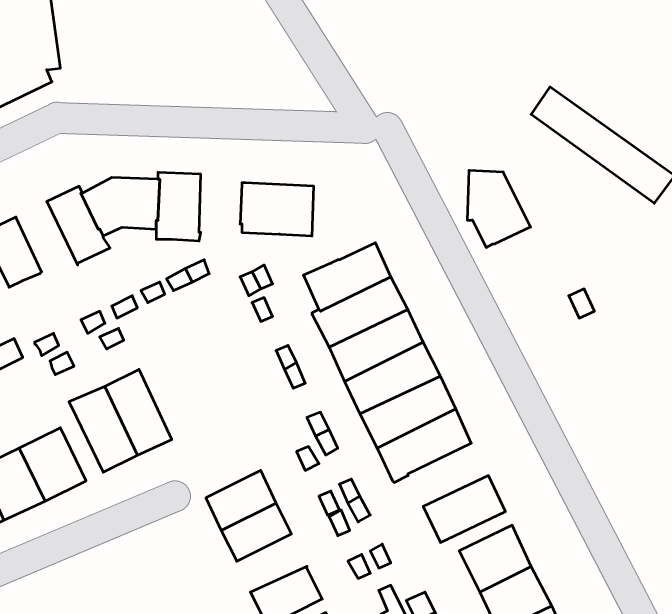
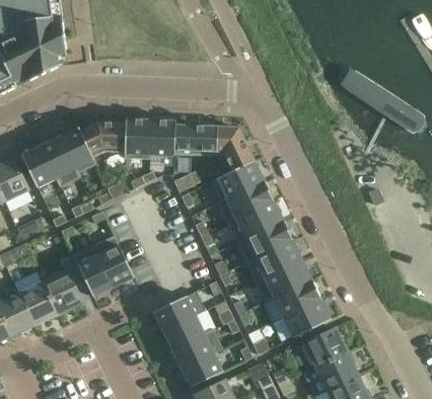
building: [467,170,531,247] -> [216,127,254,172]
building: none -> [149,119,175,155]
building: none -> [41,136,79,186]
building: none -> [273,278,320,316]
building: none -> [171,328,222,367]

